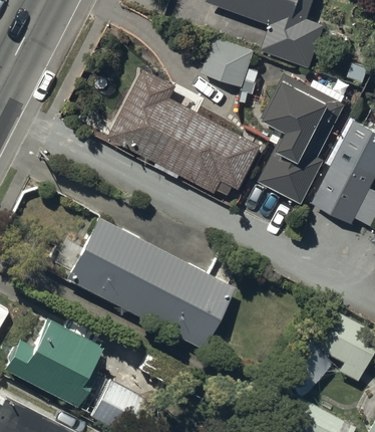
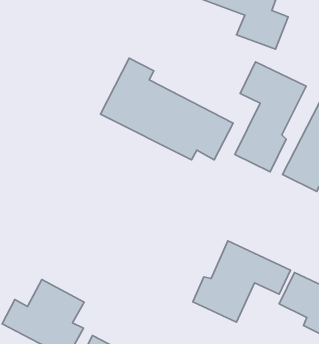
building: [205,39,251,86] -> none
building: [69,223,228,346] -> none
building: none -> [193,241,290,322]

